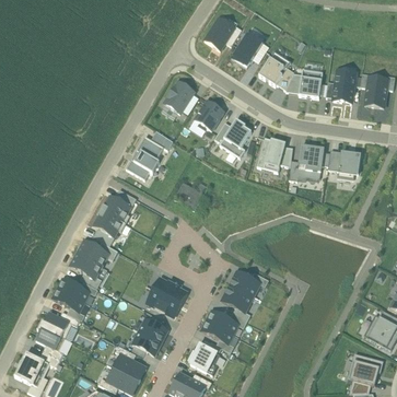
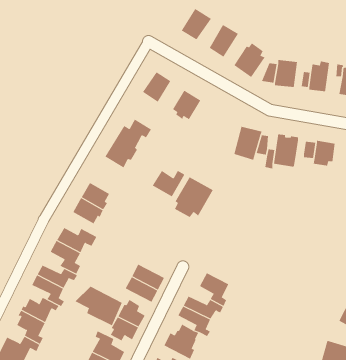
building: [214,118,252,157] -> none
building: none -> [174,177,213,218]
building: [230,270,269,297] -> none
building: none -> [75,286,122,326]

